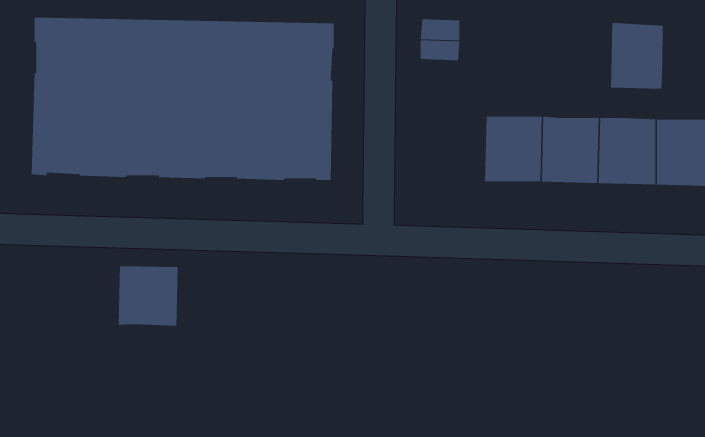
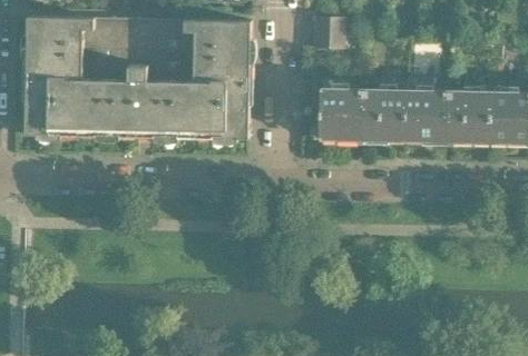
building: [610,22,663,89] -> none
building: none -> [319,89,362,139]
building: [118,265,178,327] -> none

